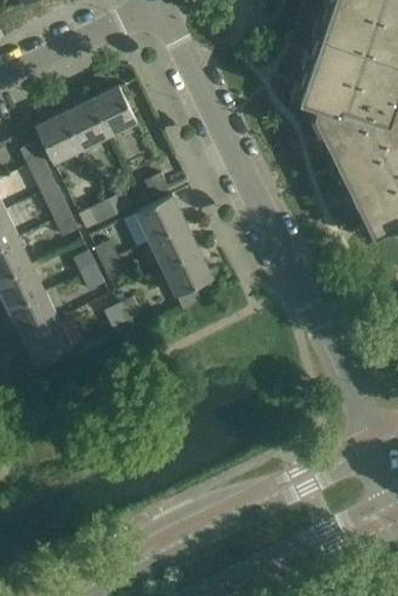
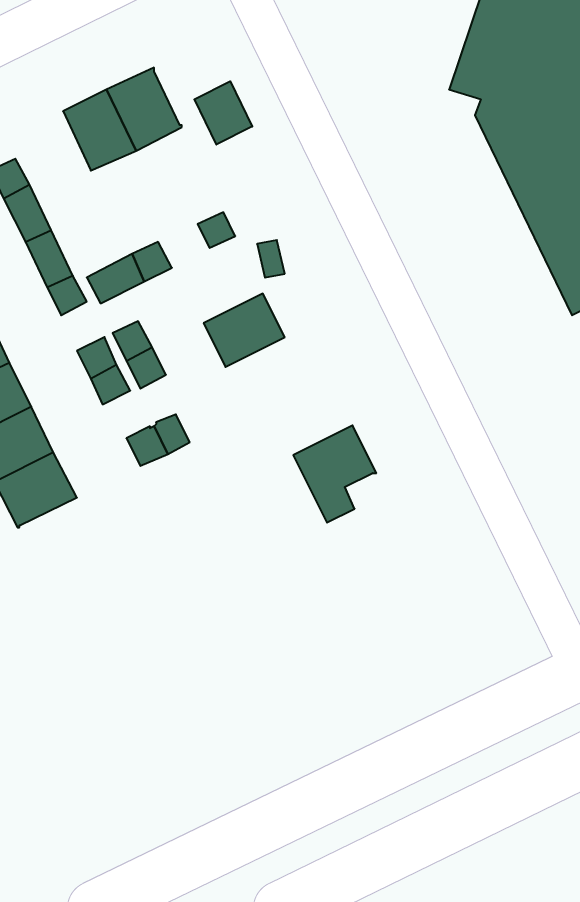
building: none -> [194,81,252,145]
building: [35,112,81,163] -> none
building: [135,195,185,241] -> none
building: [162,249,213,308] -> [293,425,376,523]

